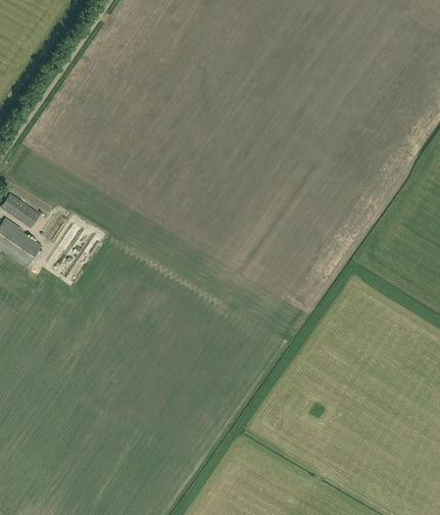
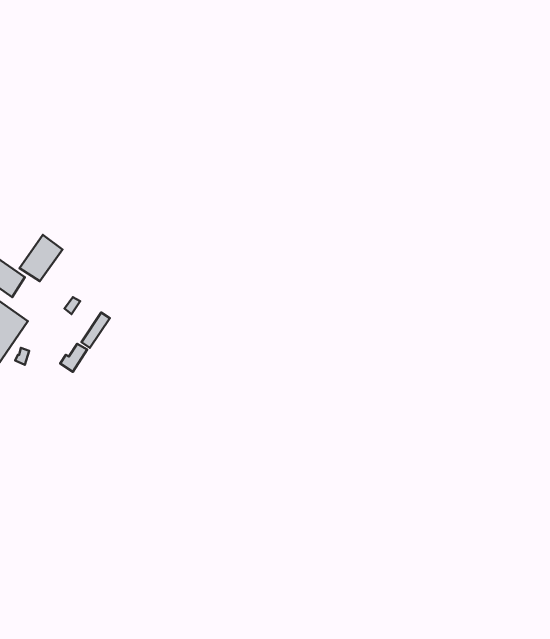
building: none -> [20,235,62,281]

